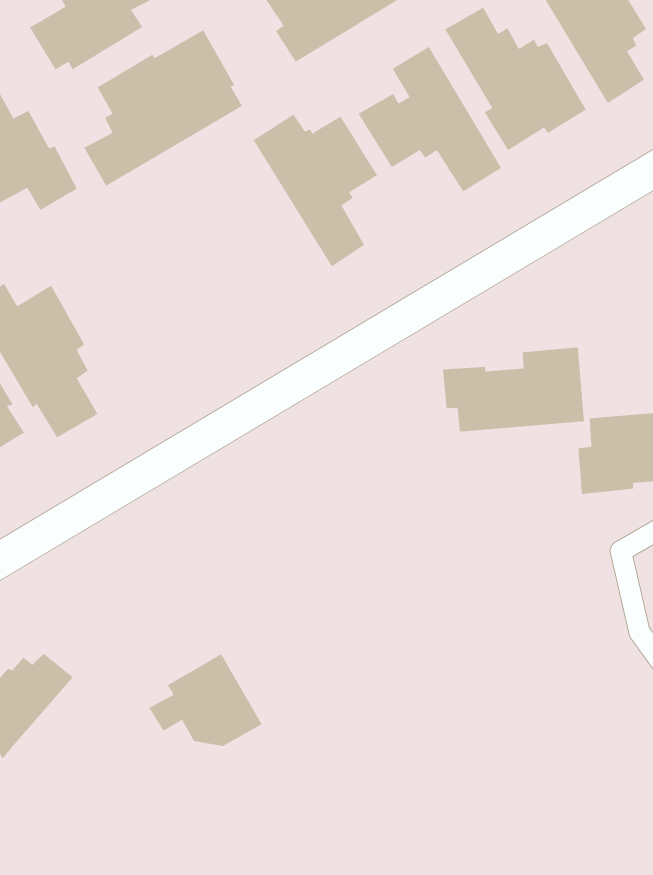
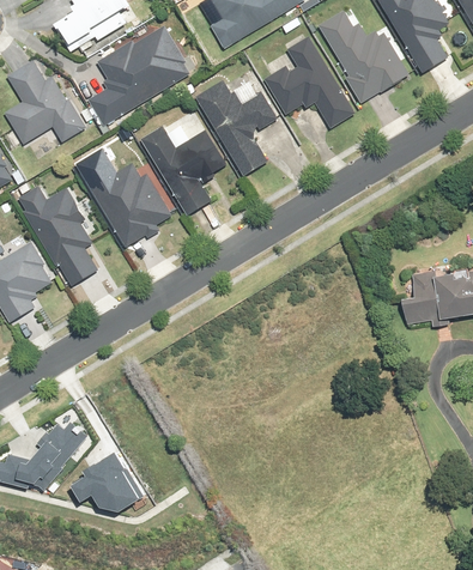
building: none -> [134,126,219,218]
building: none -> [69,148,168,249]
building: [442,347,585,432] -> none
building: [148,653,263,747] -> [65,451,138,511]

